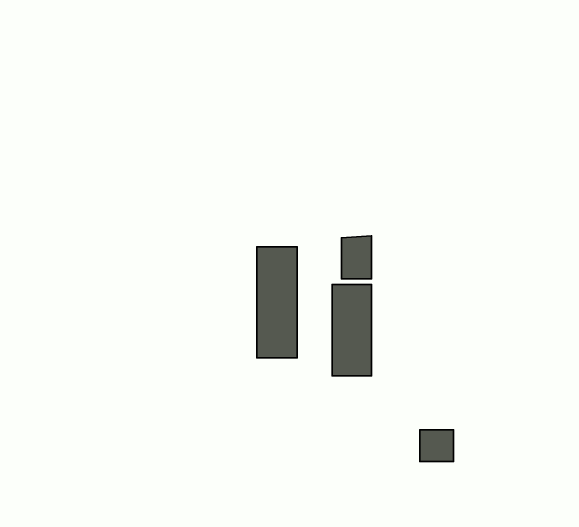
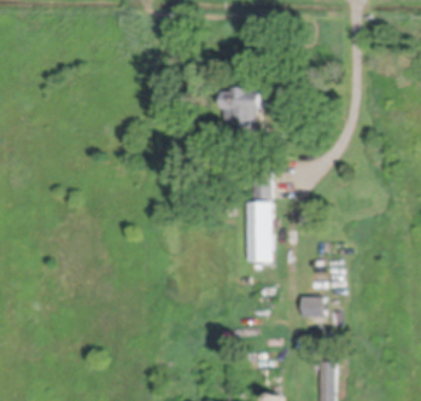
building: none -> [223,85,263,130]
building: [257,247,297,358] -> none

